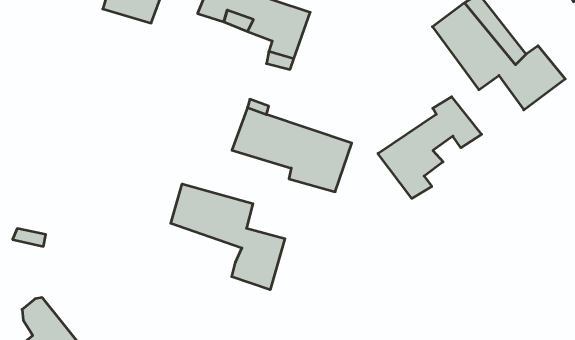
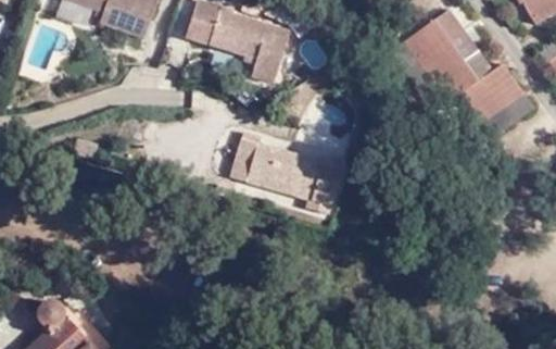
building: [378,97,482,198] -> none
building: [171,184,285,290] -> none

